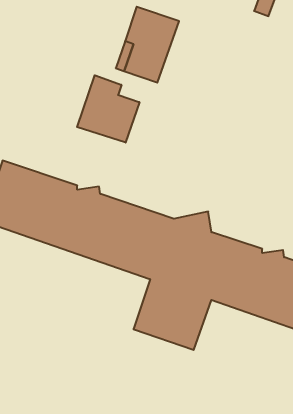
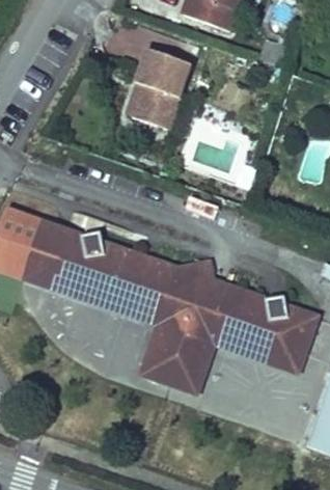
building: [77,75,139,143] -> none

